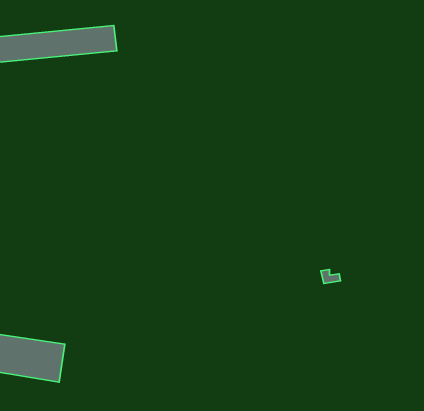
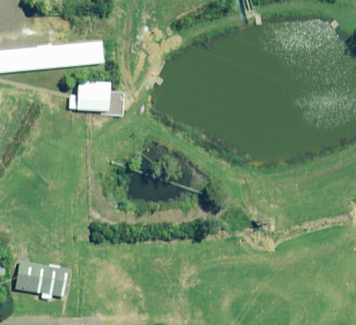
building: none -> [78,83,113,111]

